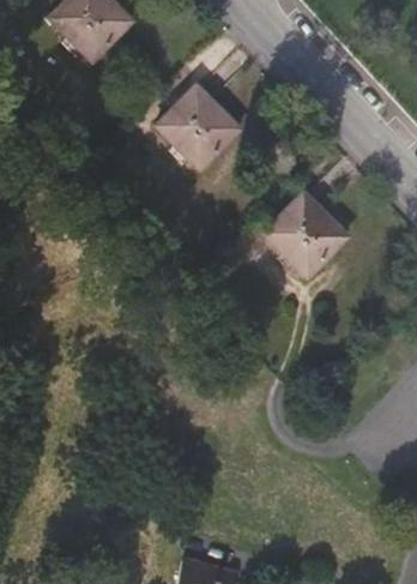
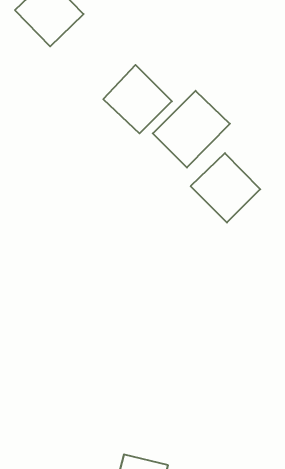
building: none -> [153,91,230,168]

